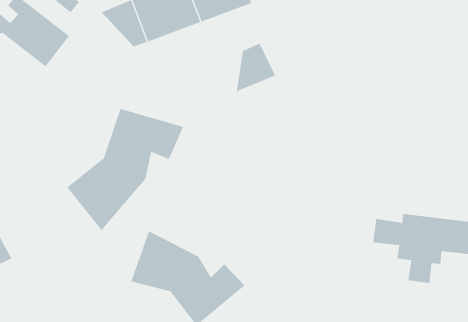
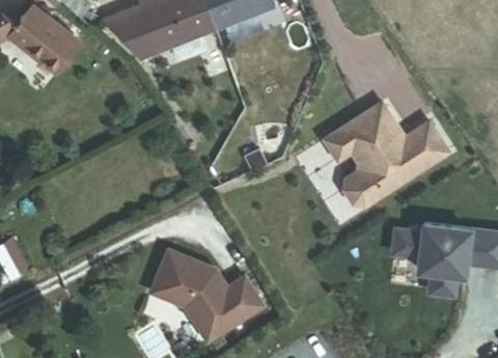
building: [236,43,276,92] -> none
building: none -> [320,103,455,208]
building: [66,108,184,231] -> none

